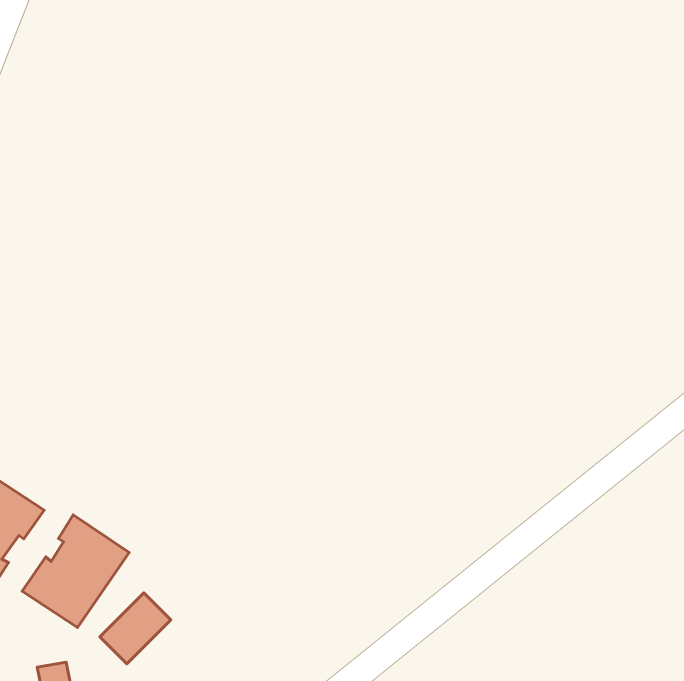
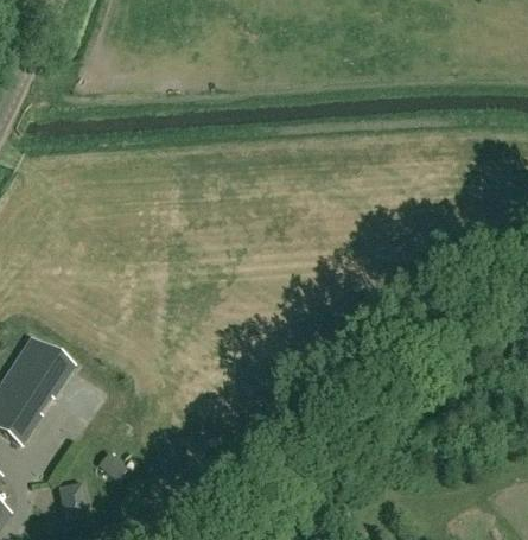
building: [22,515,129,628] -> none

